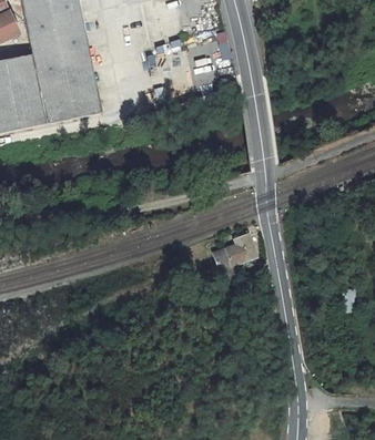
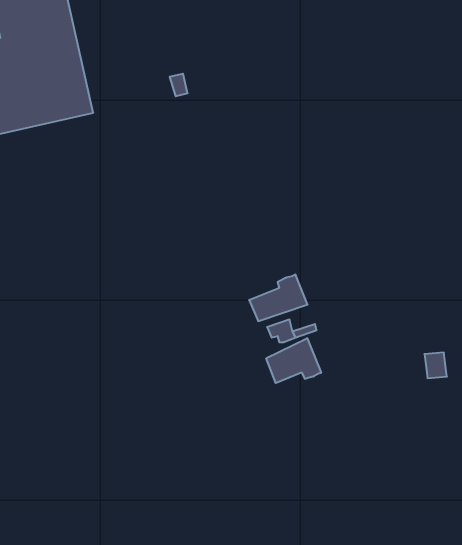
building: none -> [266,338,321,383]

